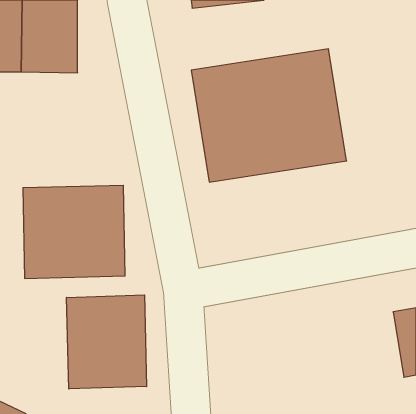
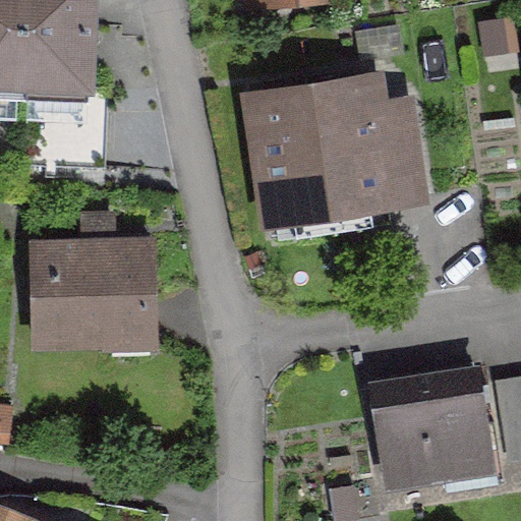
building: none -> [368,368,499,494]
building: [67,295,147,389] -> none

